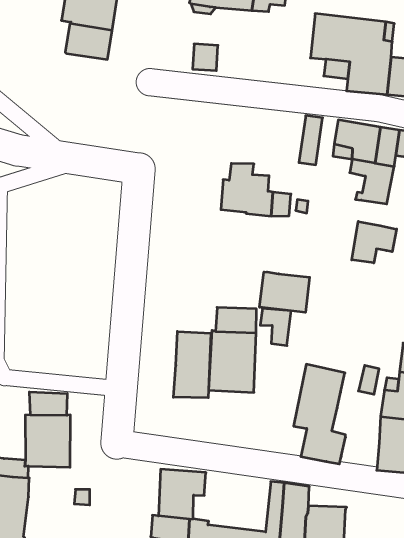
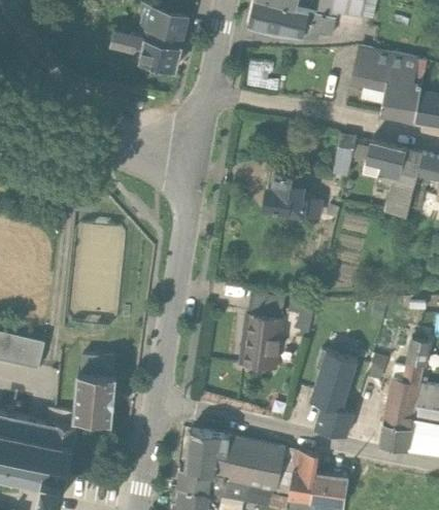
building: none -> [110,29,145,65]
building: [352,221,397,263] -> none
building: [260,272,310,312] -> none
building: [173,331,211,398] -> none
building: none -> [215,436,285,491]

